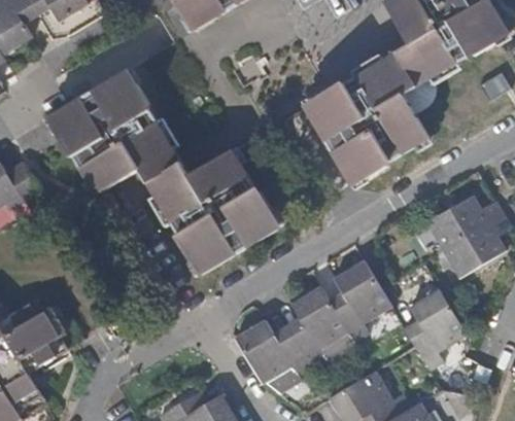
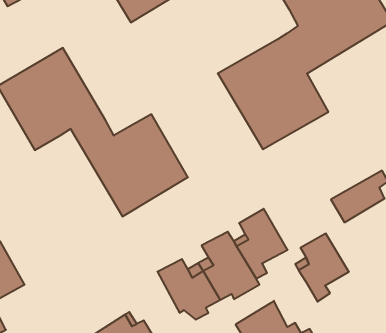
building: [427,195,505,250] -> none

